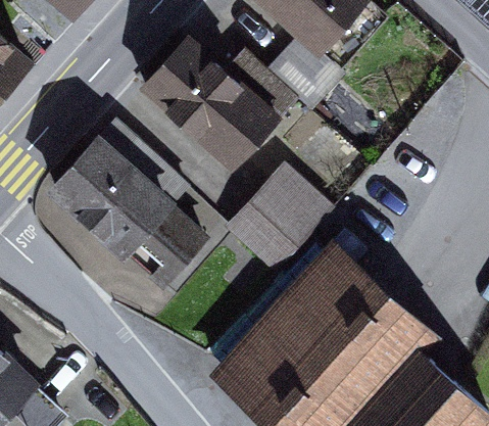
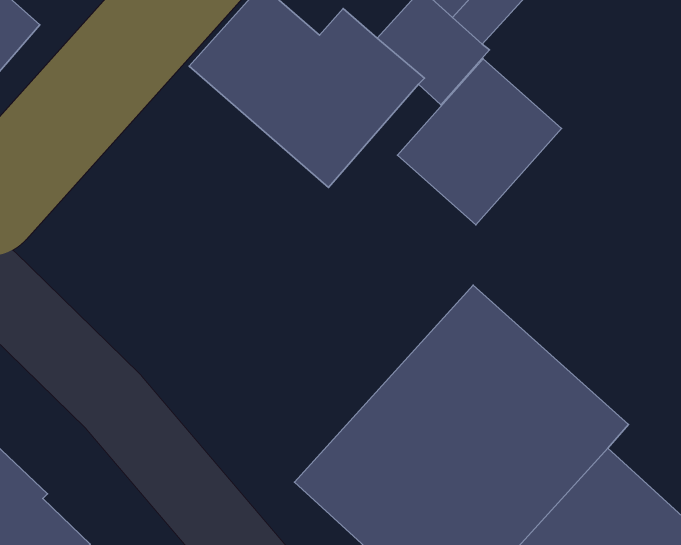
building: [42,120,207,287] -> none
building: [223,162,336,277] -> [397,59,562,225]

